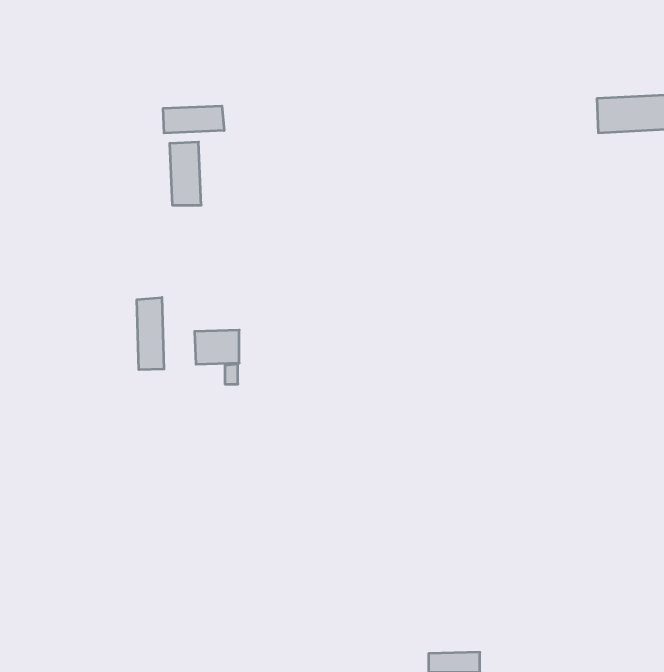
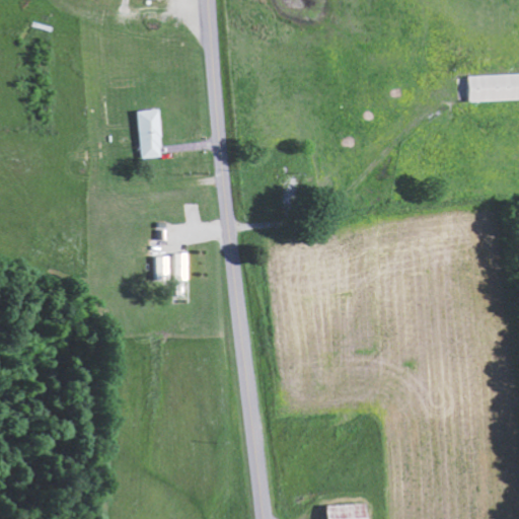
building: [163,106,224,133] -> none
building: [137,297,164,370] -> none

